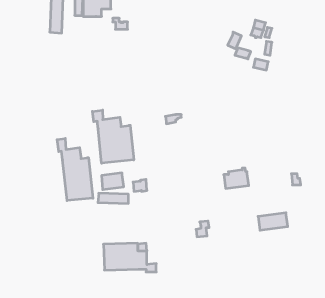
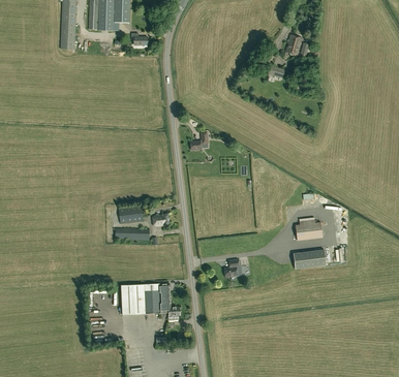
building: [92,110,134,163] -> none
building: [57,138,93,201] -> none
building: [224,168,249,188] -> [295,218,323,241]

